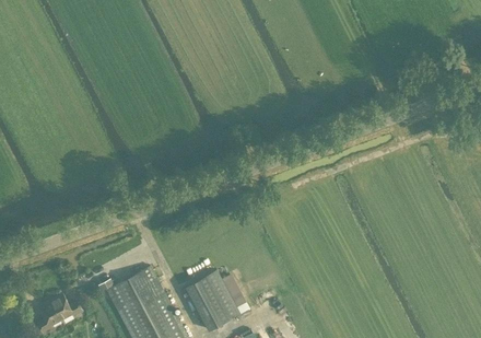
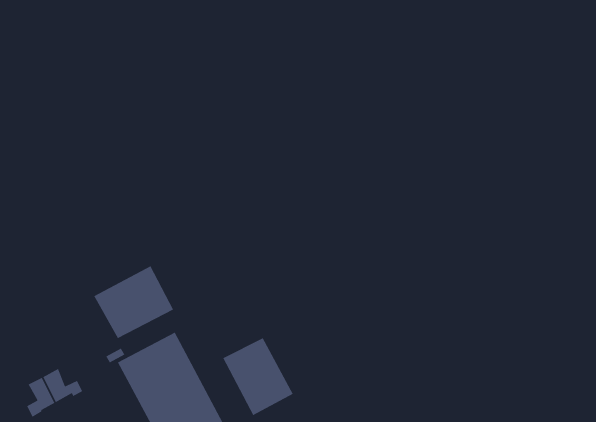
building: none -> [93,265,174,339]

